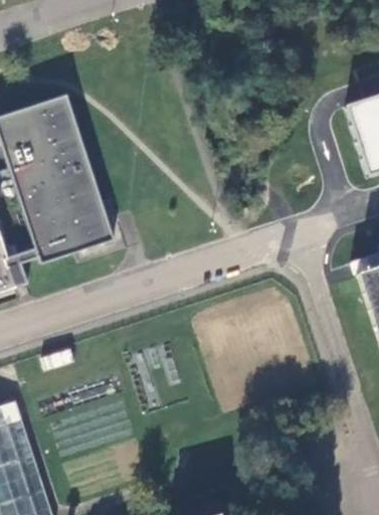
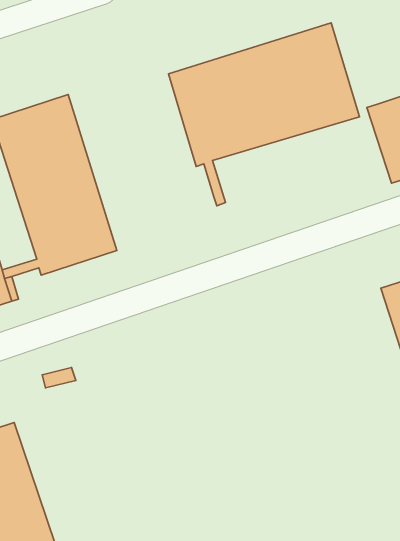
building: none -> [168,23,360,206]

